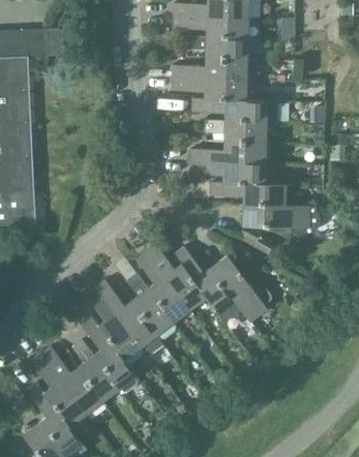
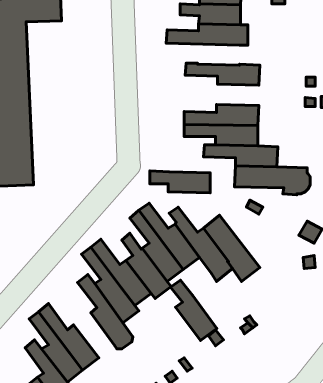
building: [172,78,247,100] -> none
building: [205,119,267,142] -> [150,171,210,193]
building: [71,339,119,401] -> [170,280,217,340]

